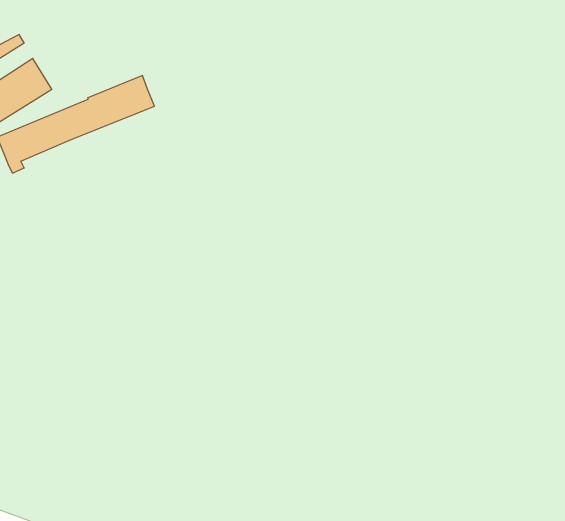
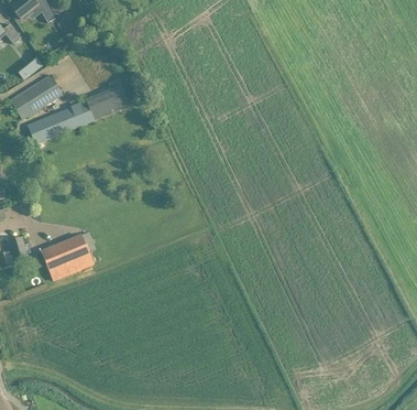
building: none -> [41,231,97,280]

